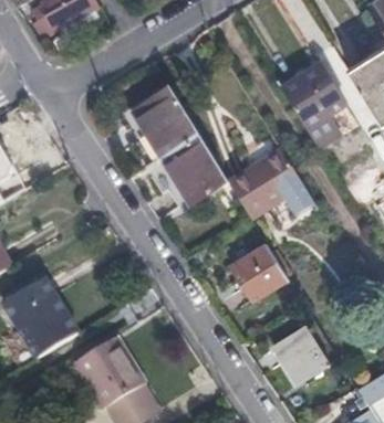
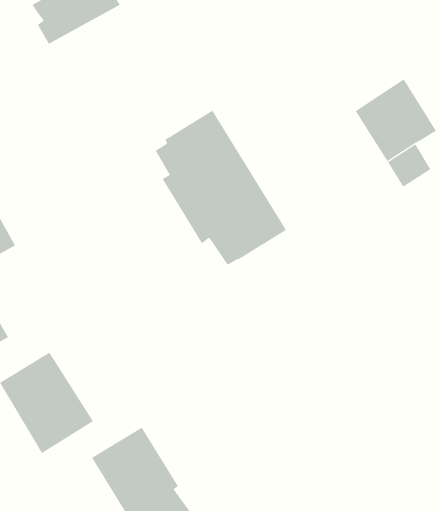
building: [227,148,315,220] -> none
building: [230,242,288,300] -> none
building: [272,325,330,383] -> none

